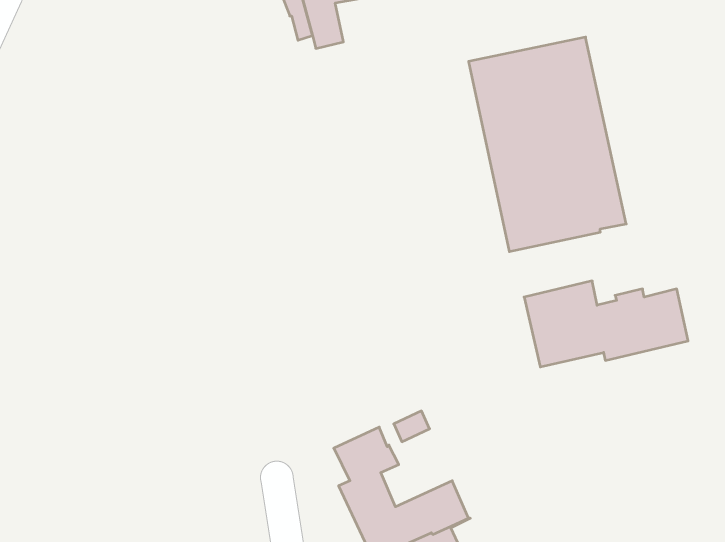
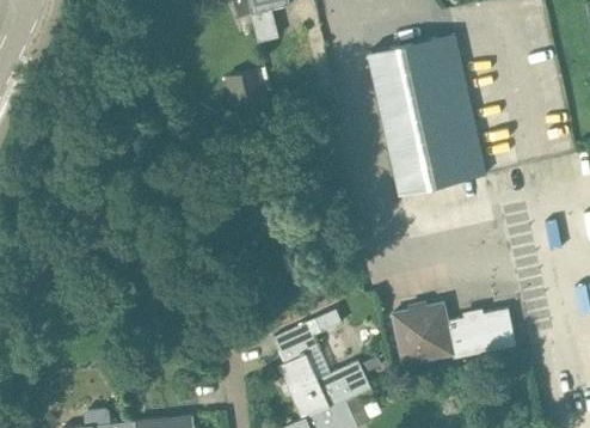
building: none -> [225,69,269,118]
building: [524,281,688,367] -> [395,302,516,366]

